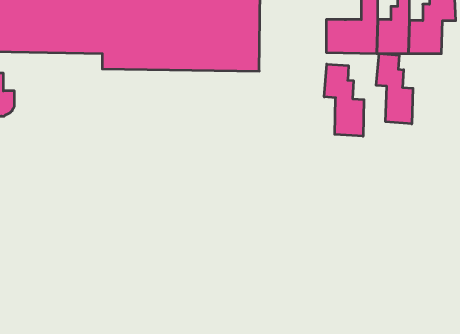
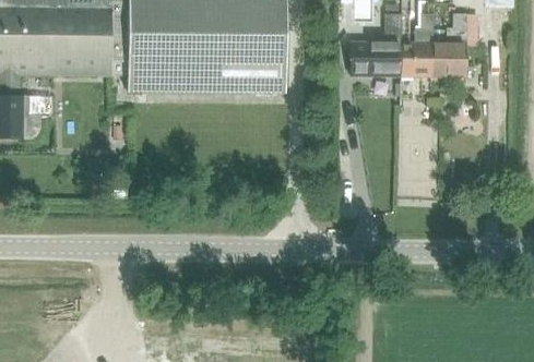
building: [376,54,413,124] -> none
building: [324,64,364,136] -> none

